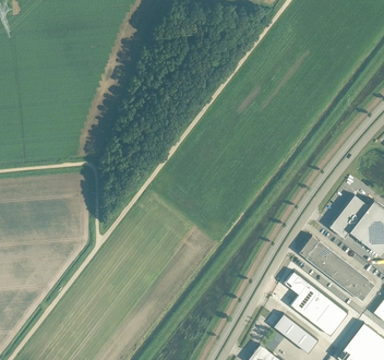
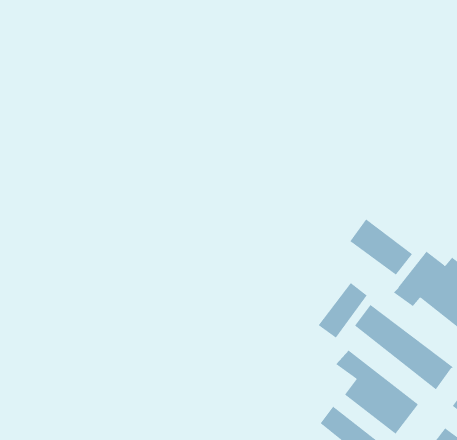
building: none -> [349,219,413,275]
building: none -> [318,282,368,338]

